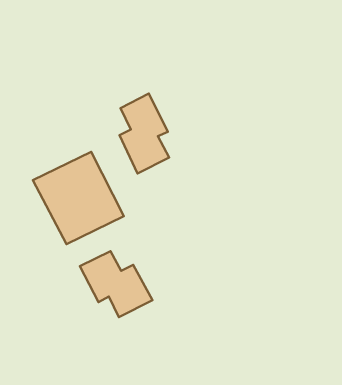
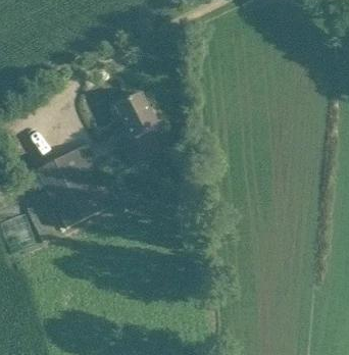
building: [80,251,152,317] -> none

